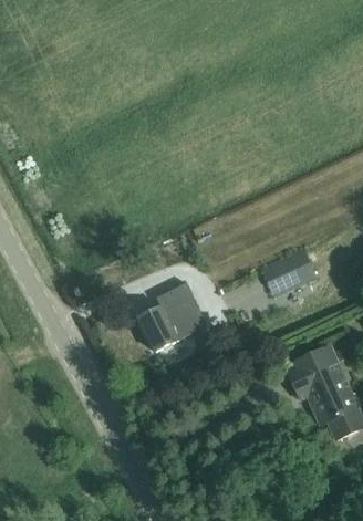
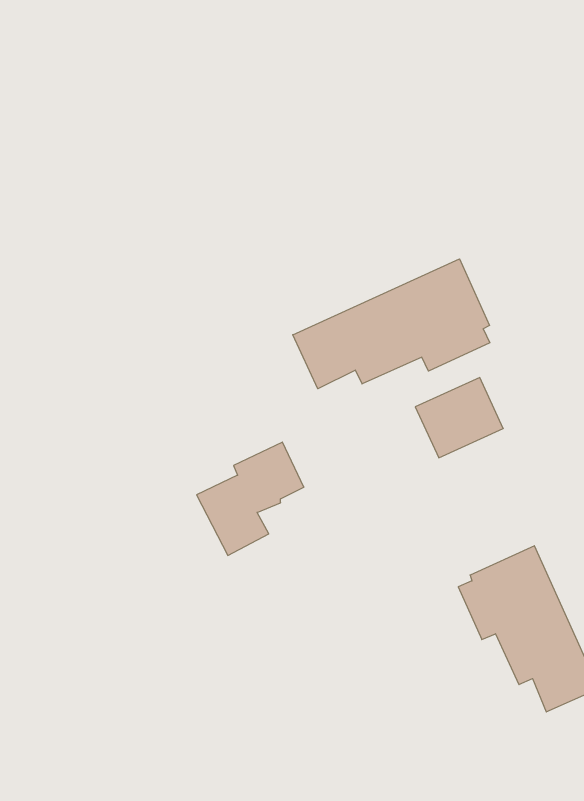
building: none -> [293,259,490,389]

